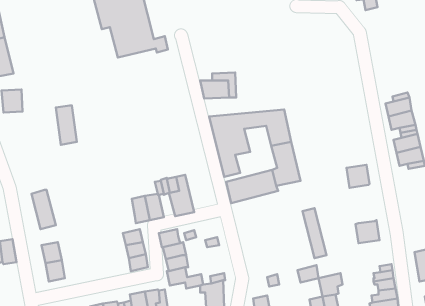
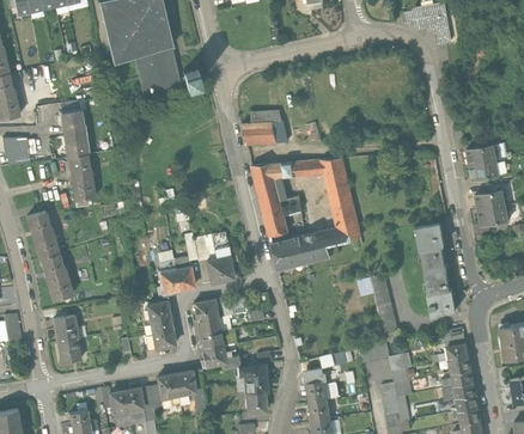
building: none -> [61,111,86,157]
building: none -> [26,213,56,259]
building: none -> [420,249,450,294]

